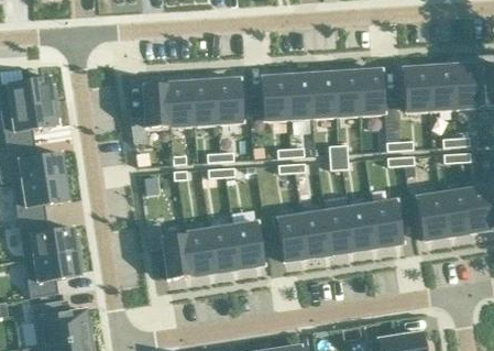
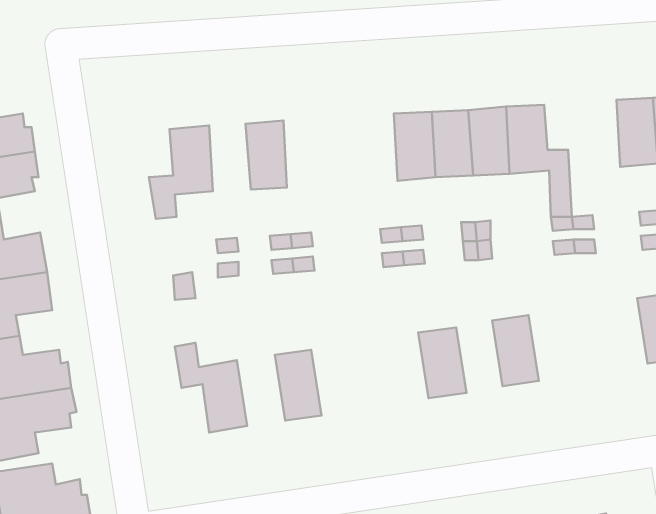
building: [402,66,429,110] -> none
building: [261,75,287,119] -> none
building: [215,78,242,122] -> none
building: [167,81,194,124] -> none
building: [415,193,447,239] -> none
building: [371,200,402,245] -> none
building: [325,207,354,253] -> none
building: [276,215,307,260] -> none
building: [232,221,263,267] -> none
building: [185,229,216,274] -> none

